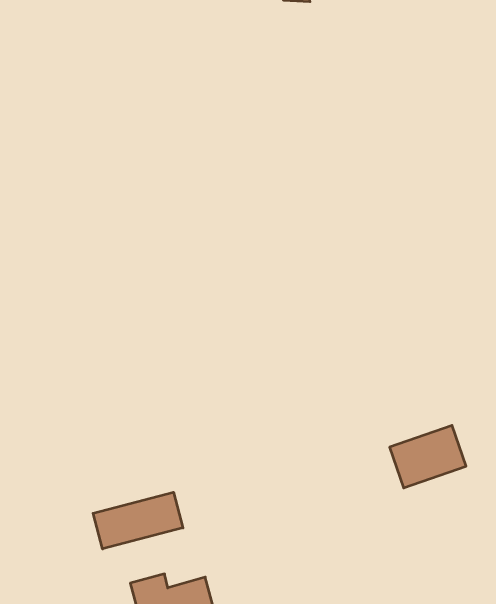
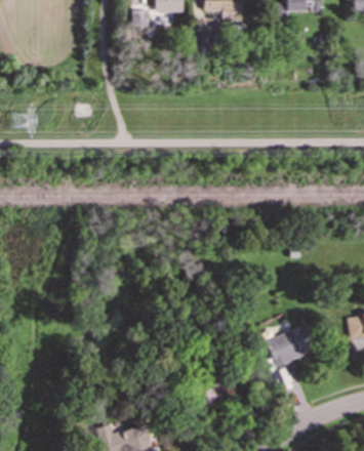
building: [93,492,183,549] -> none

